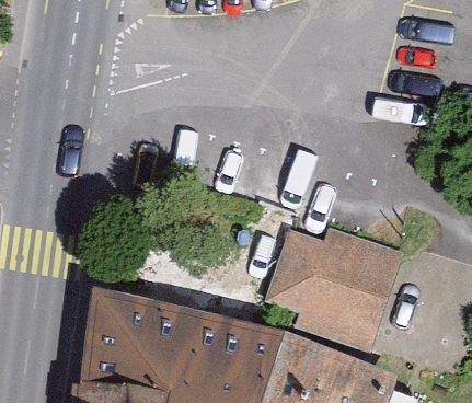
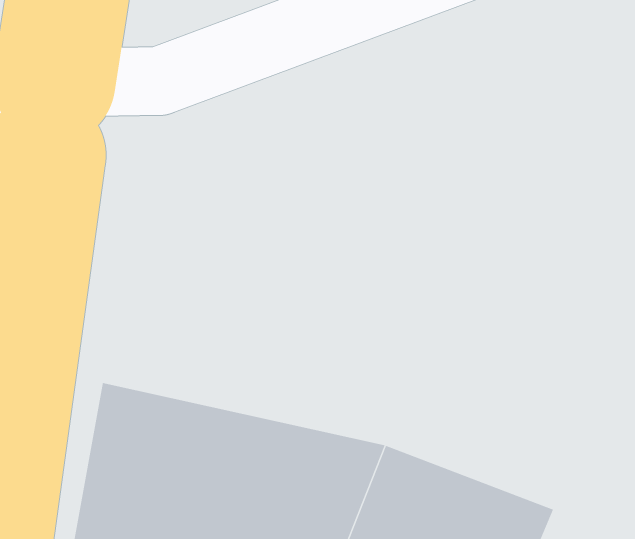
building: [260,227,401,345] -> none

